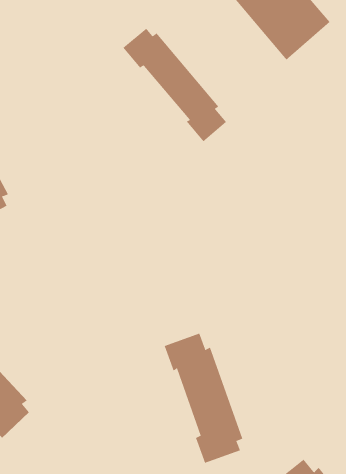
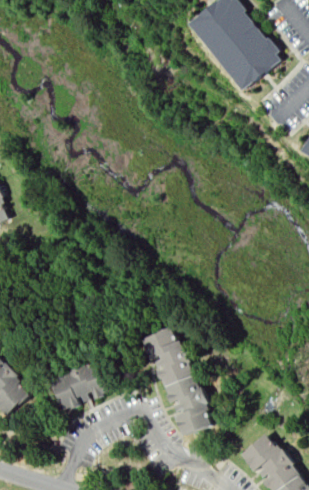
building: [123,28,227,142] -> none
building: none -> [50,359,110,412]

